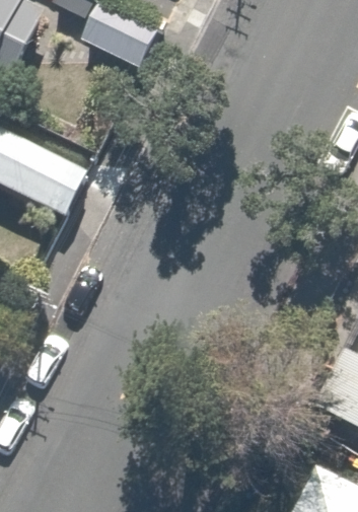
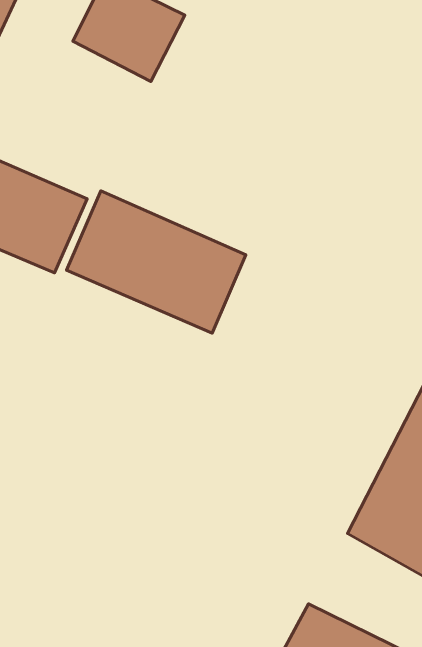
building: none -> [66,191,246,333]

